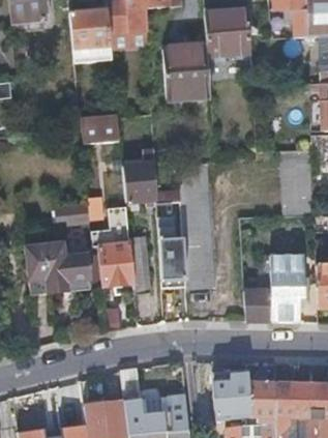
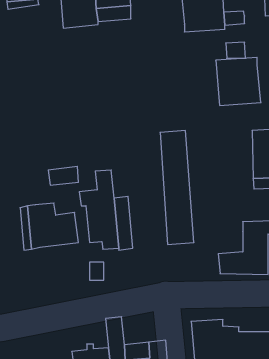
building: [161,46,211,98] -> [216,57,261,105]
building: [82,114,119,143] -> none
building: [123,149,157,201] -> none
building: [157,209,186,288] -> none

